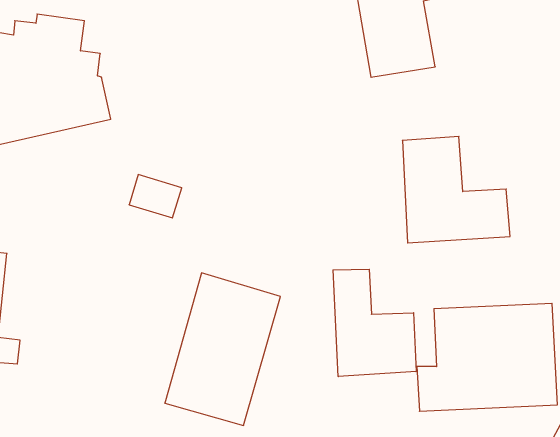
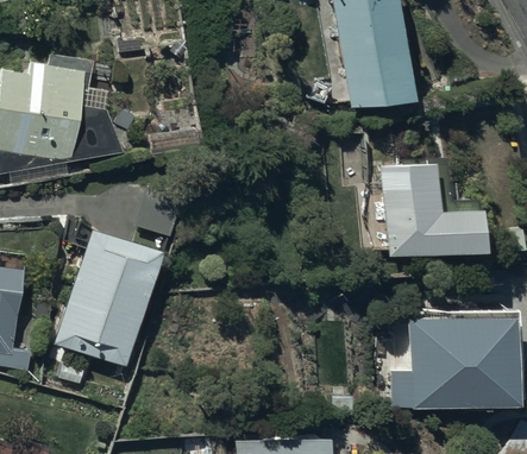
building: [333,269,416,377] -> none
building: [165,273,280,425] -> [56,228,161,366]

